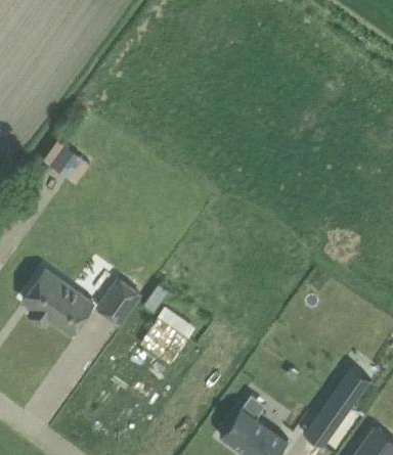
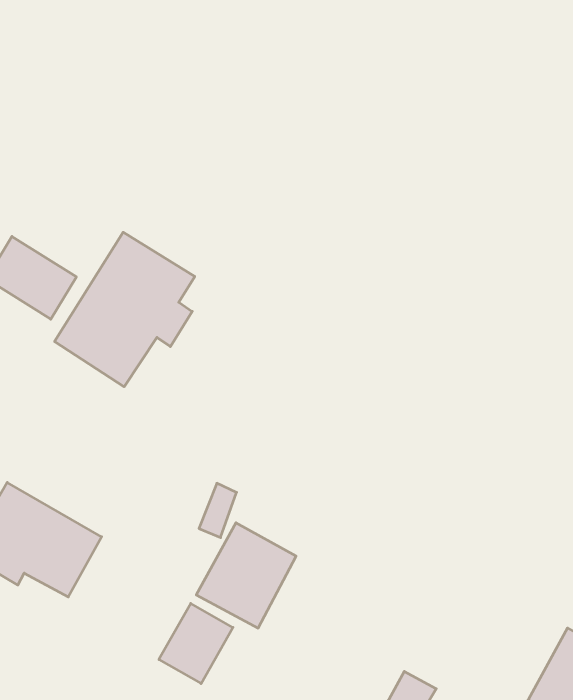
building: none -> [55,232,195,387]
building: [98,280,140,324] -> [159,603,233,684]

